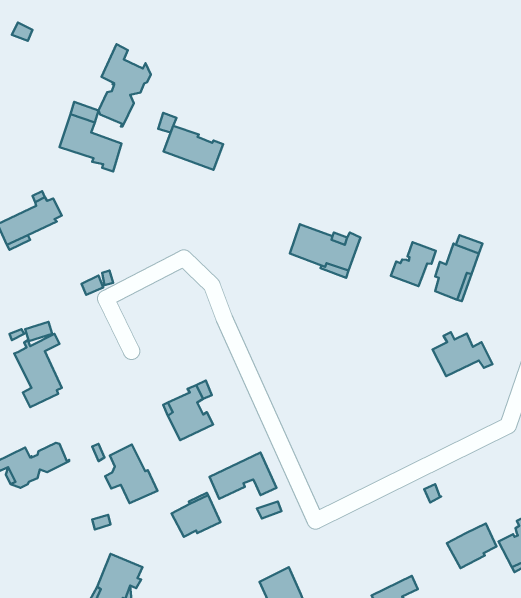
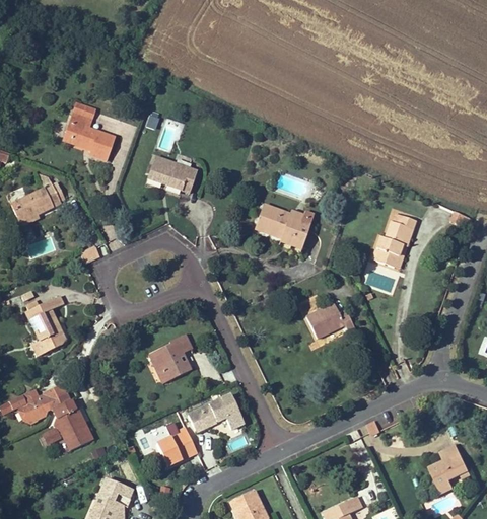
building: [98,44,151,127] -> none
building: [163,126,223,170] -> [147,156,197,193]
building: [391,242,436,286] -> none
building: [433,332,492,376] -> [305,301,355,338]
building: [105,444,157,503] -> [49,400,92,449]
building: [447,524,497,568] -> none

